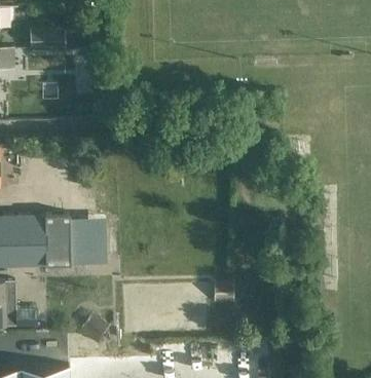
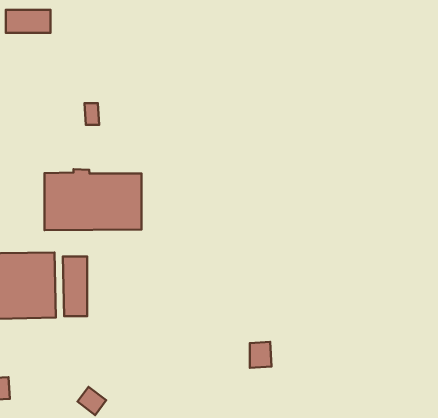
building: none -> [45,169,141,230]

